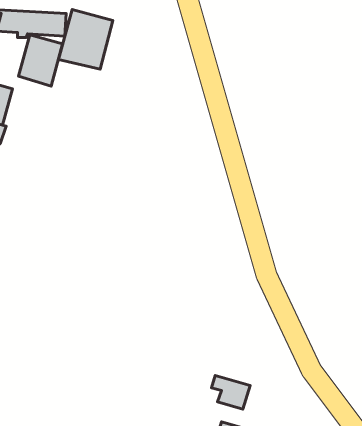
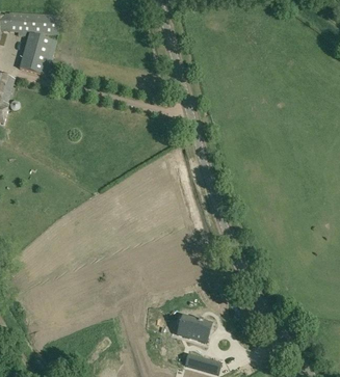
building: [59,9,113,69] -> none

